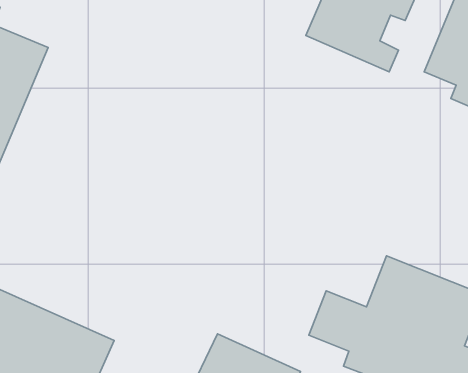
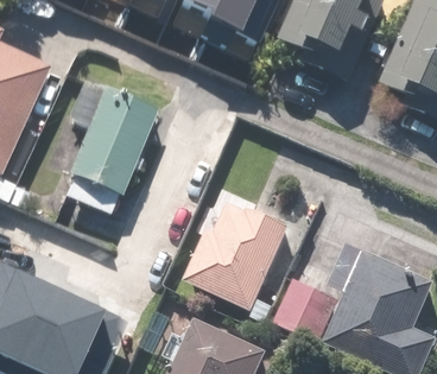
building: none -> [61,85,153,215]
building: none -> [183,194,291,310]

